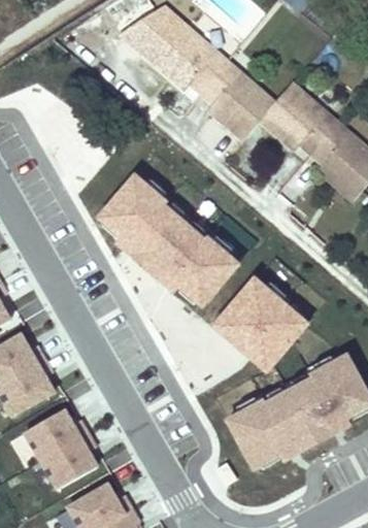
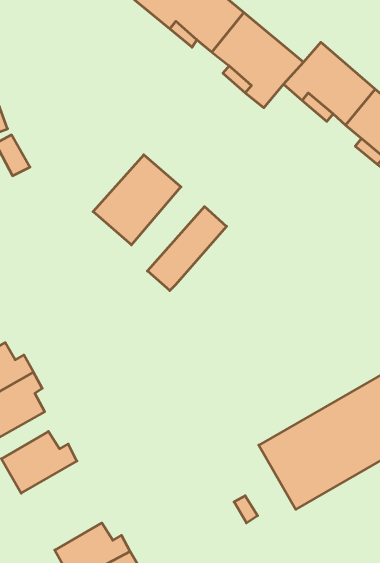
building: [125,202,191,272] -> none
building: [167,235,239,309] -> none
building: [220,280,310,370] -> none
building: [38,431,94,487] -> none

